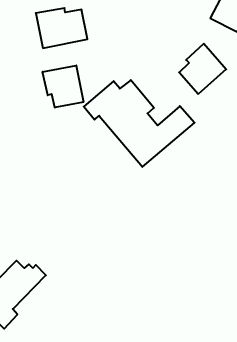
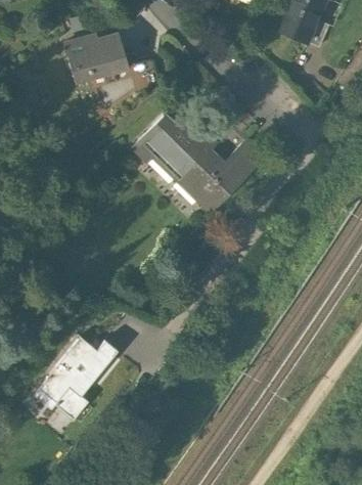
building: [179,44,226,94] -> none
building: [43,65,83,108] -> none

